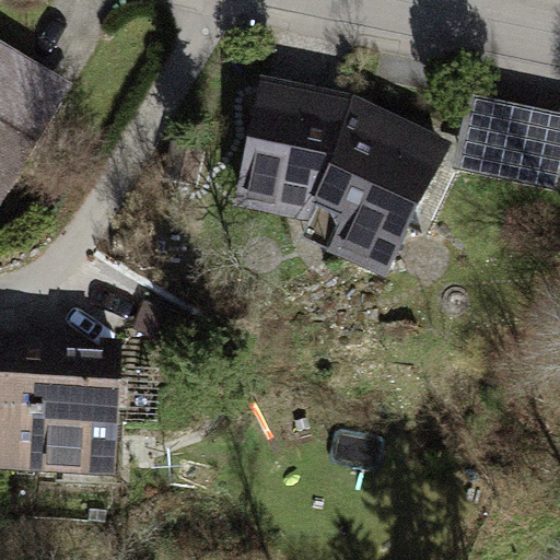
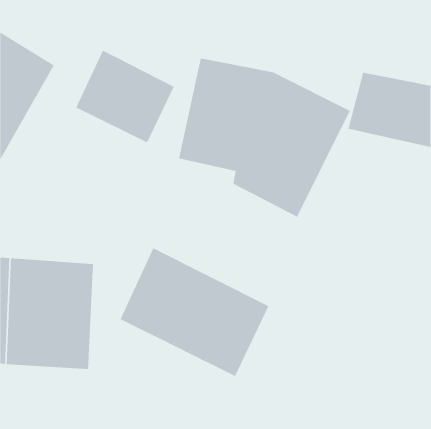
building: none -> [75,50,175,144]
building: none -> [119,247,269,377]

